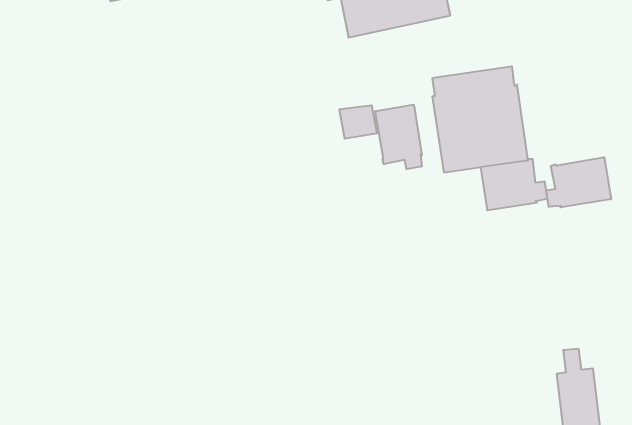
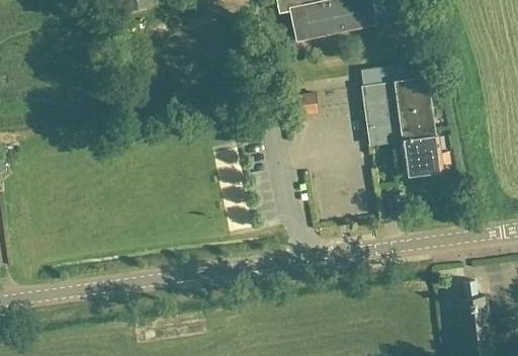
building: [375,105,422,169] -> none
building: [546,157,611,207] -> none

